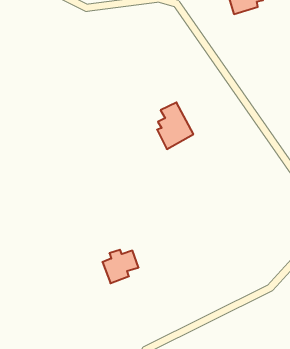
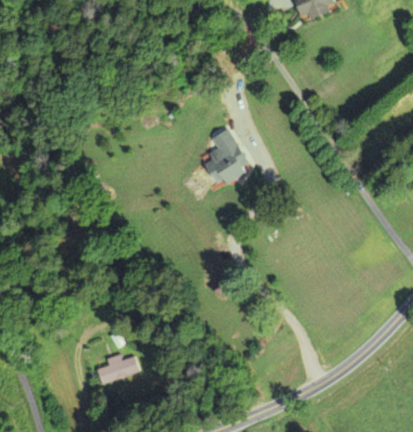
building: [102,250,139,283] -> [95,354,139,395]

